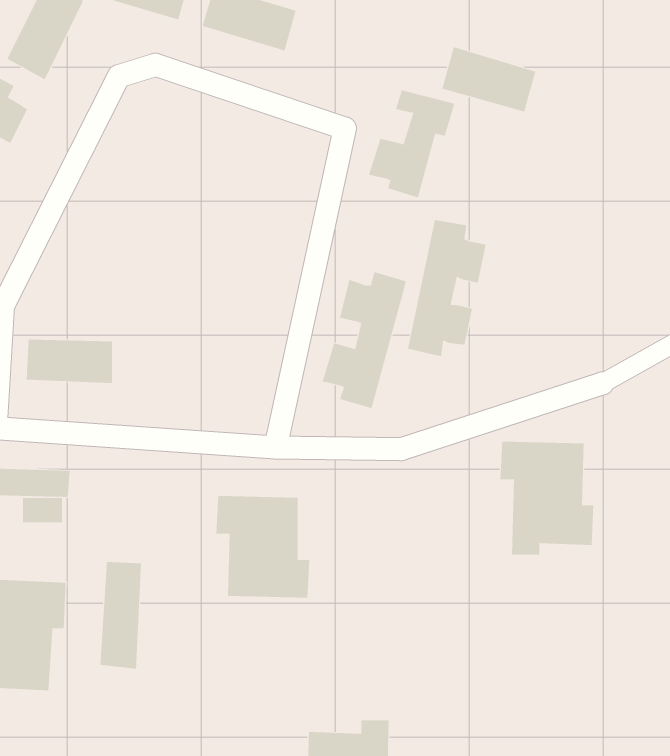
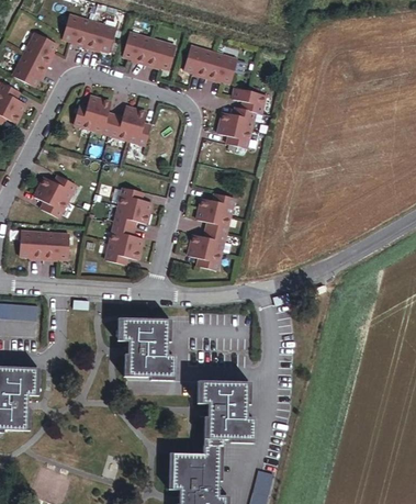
building: [442,46,536,112] -> [179,45,233,82]
building: none -> [68,93,144,142]
building: [407,220,486,357] -> [104,186,149,264]
building: none -> [33,175,72,216]
building: [500,441,594,555] -> [204,383,258,448]
building: [100,561,141,670] -> none

